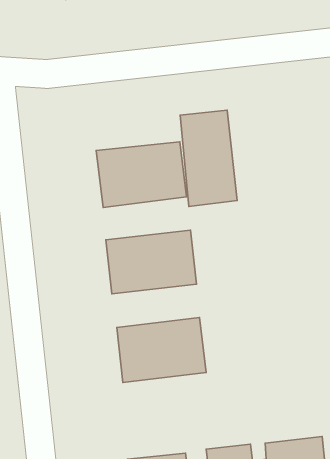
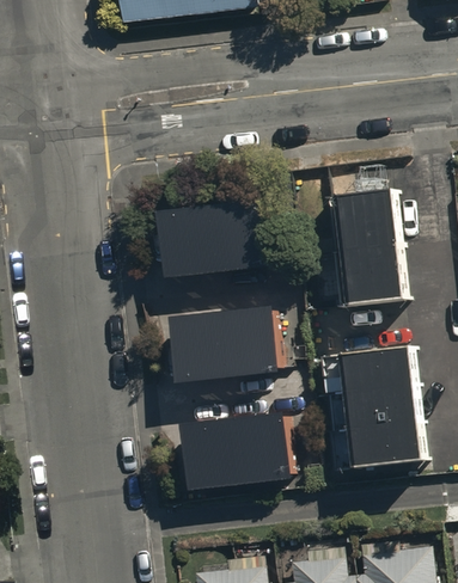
building: [180,110,237,206] -> [343,203,413,320]
building: none -> [349,362,432,483]

